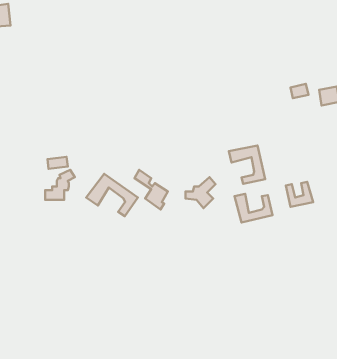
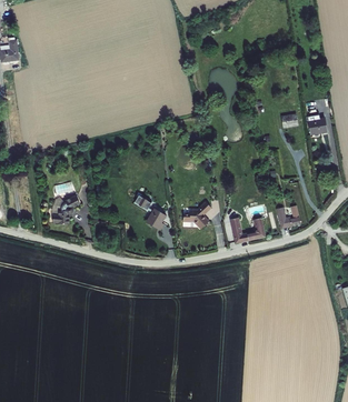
building: [229,146,265,184] -> none
building: [86,174,138,216] -> none

